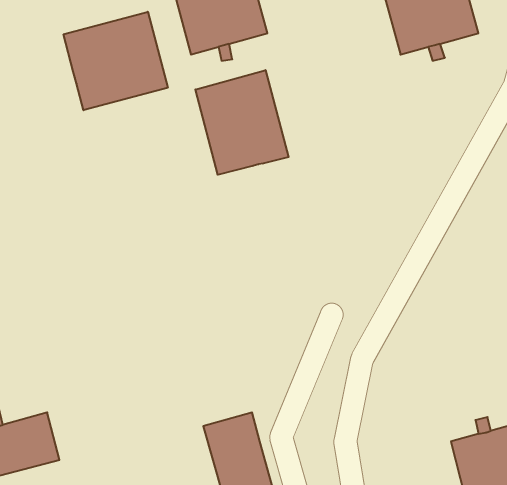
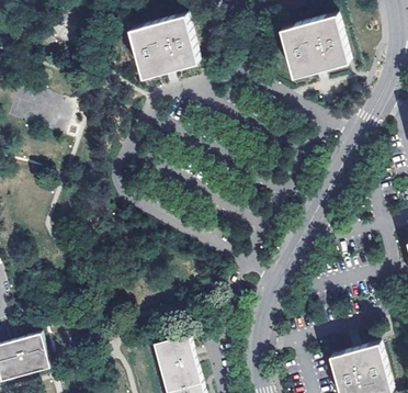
building: [64,12,168,110] -> none
building: [195,70,289,175] -> none

